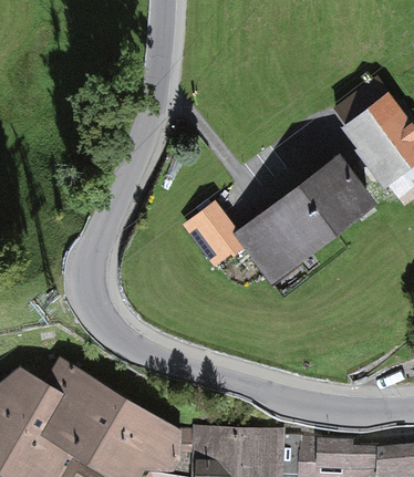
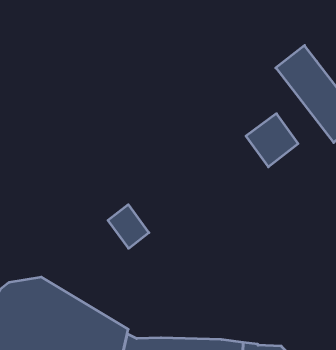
building: [246,196,333,278] -> none
building: [192,214,240,266] -> [108,205,149,248]

